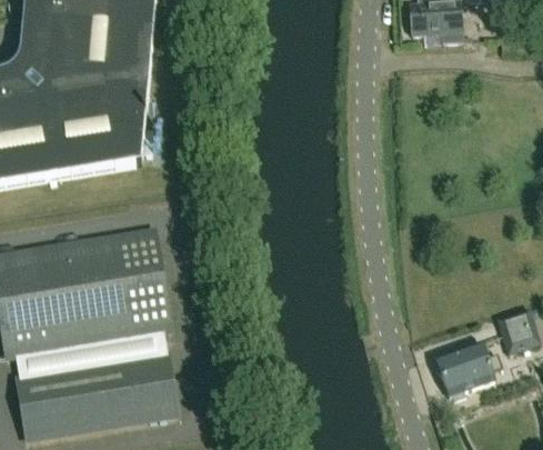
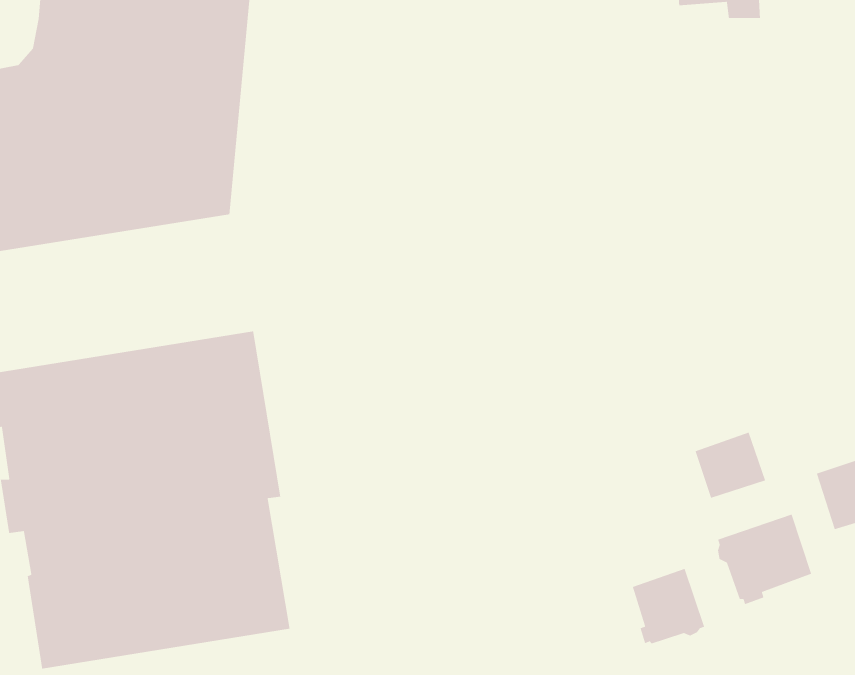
building: none -> [695,431,766,499]
building: none -> [632,568,705,645]

